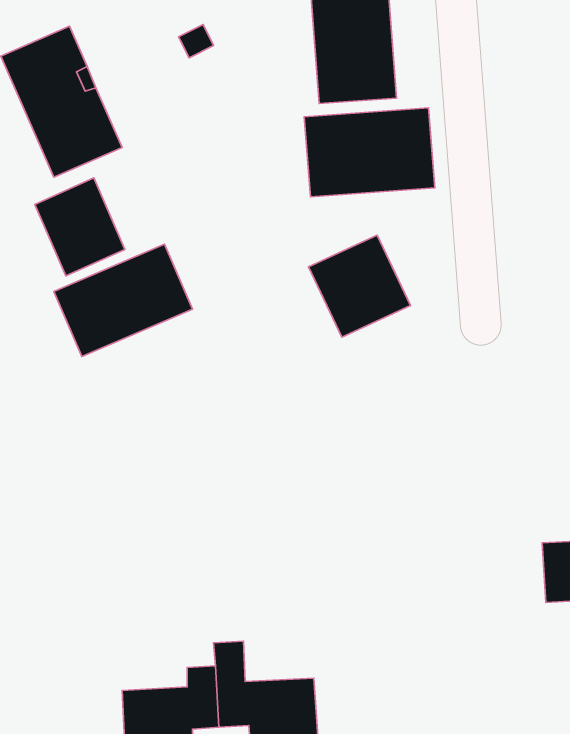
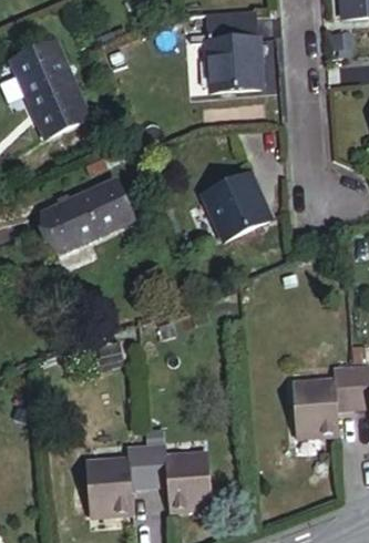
building: [304,108,435,197] -> none
building: [35,178,125,276] -> none
building: none -> [293,368,353,436]

